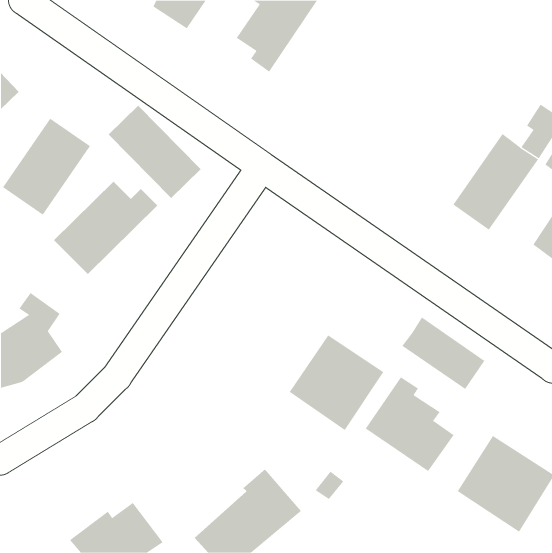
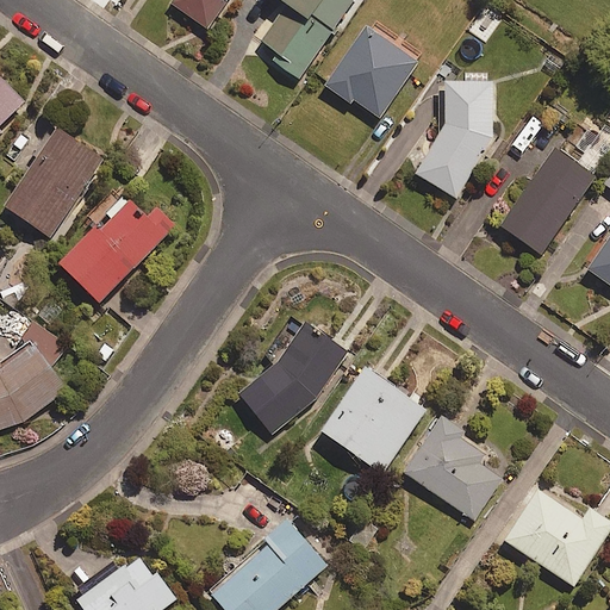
building: none -> [326,21,417,118]
building: none -> [413,73,492,198]
building: [108,105,201,199] -> none
building: none -> [238,322,347,435]
building: [402,317,485,390] -> none

